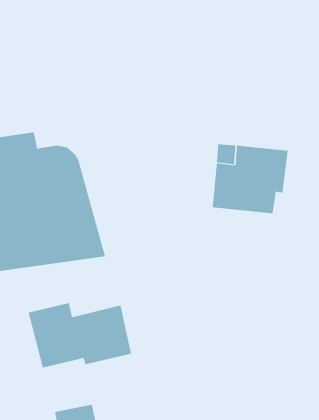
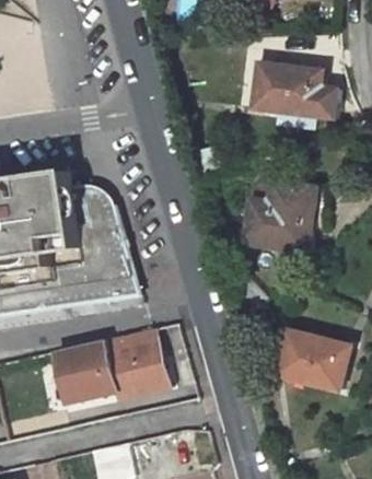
building: none -> [253,63,337,118]
building: none -> [275,330,344,392]

